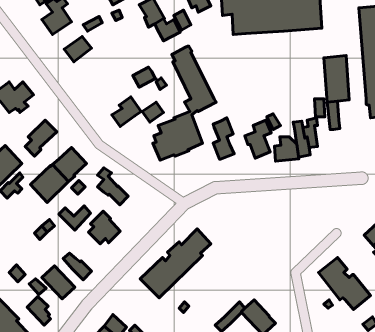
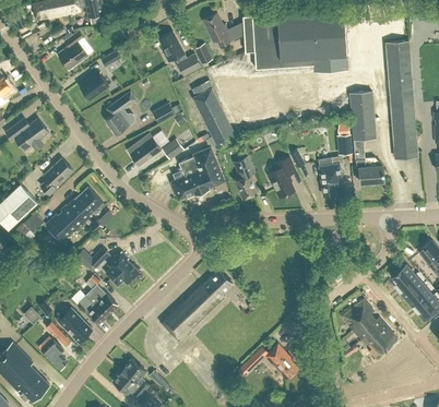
building: none -> [106,91,137,134]
building: [274,137,299,161] -> [359,158,384,183]
building: [98,168,128,205] -> [86,276,118,314]

